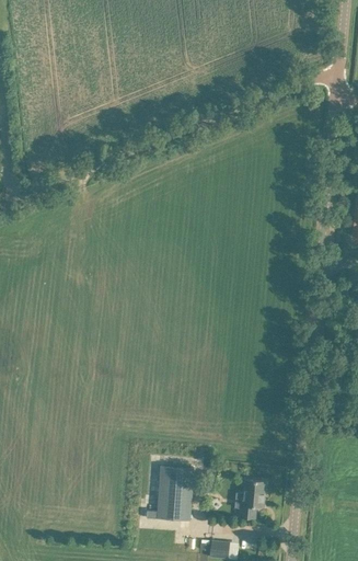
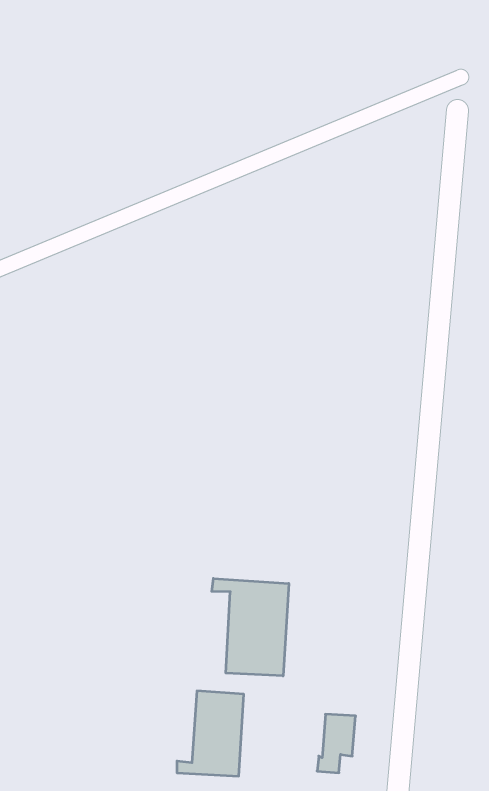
building: none -> [212,578,289,676]

